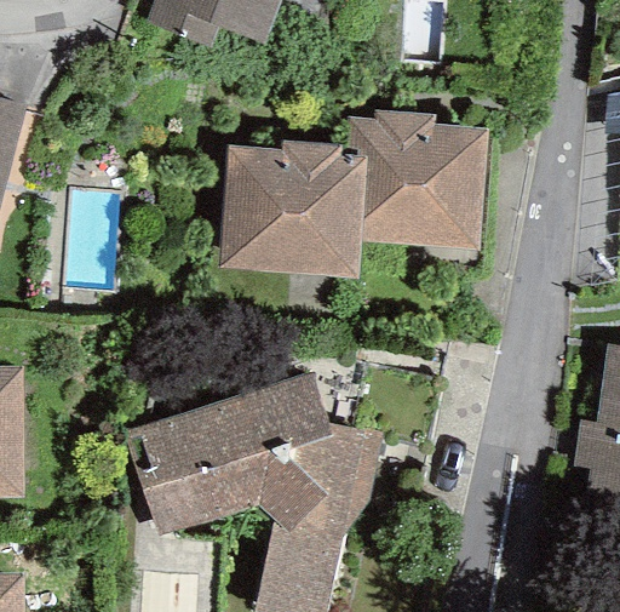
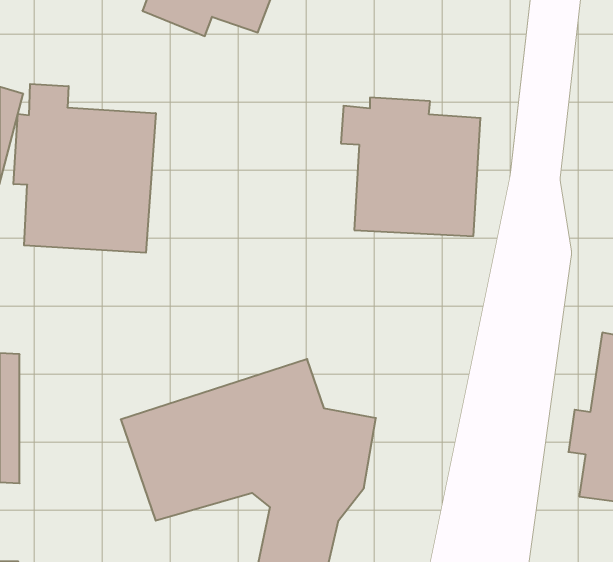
building: none -> [14,84,156,253]
building: [218,139,363,274] -> none

